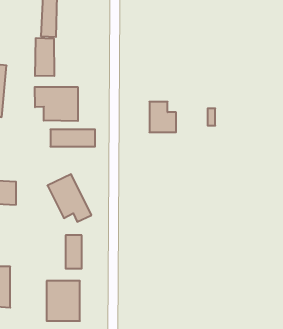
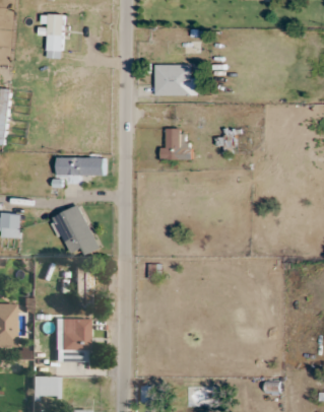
building: [35,38,54,76] -> none
building: none -> [154,64,197,95]
building: [35,87,78,121] -> none

